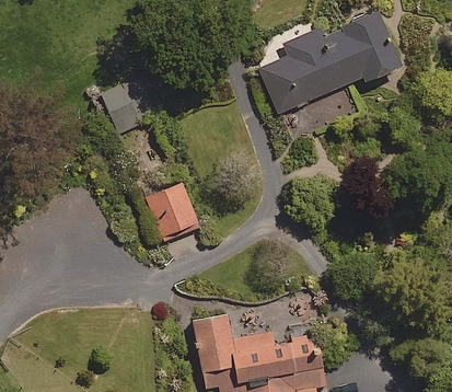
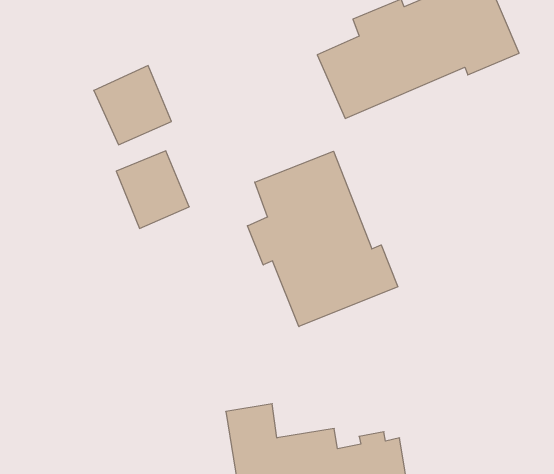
building: none -> [247,151,398,327]
building: [146,183,197,238] -> [116,151,189,228]

